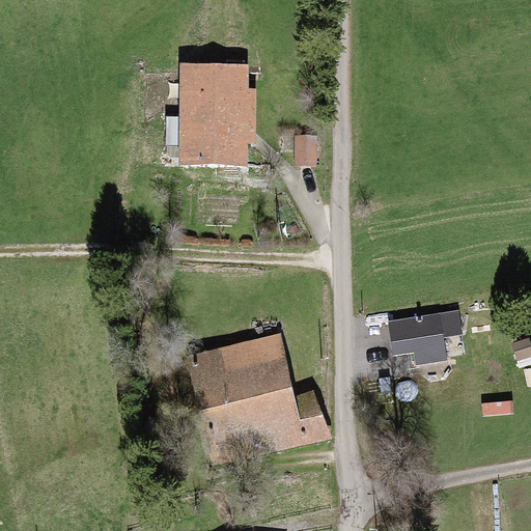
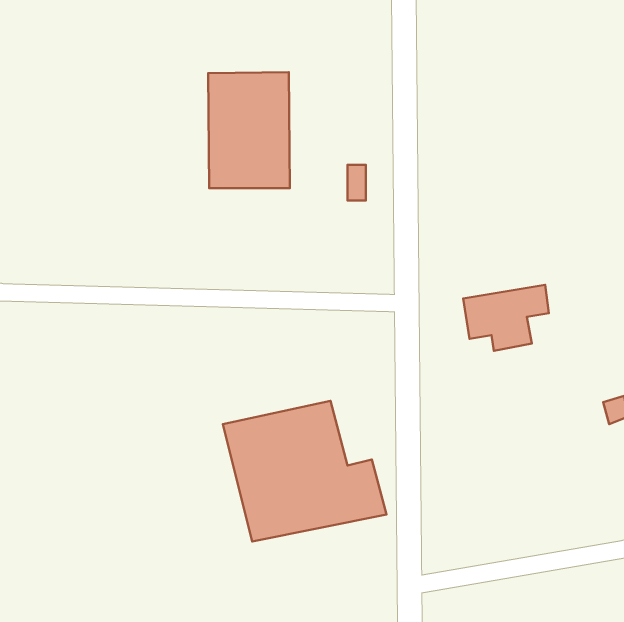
building: [390,308,463,364] -> [463,285,549,351]

